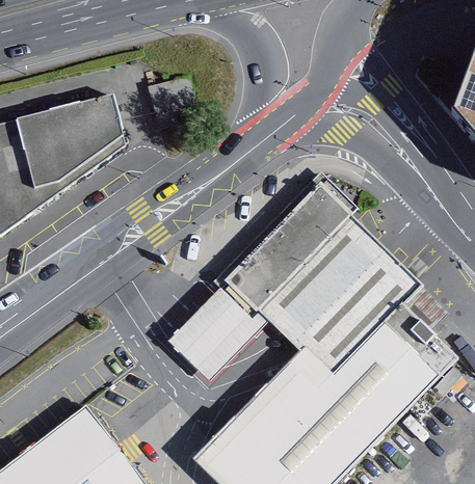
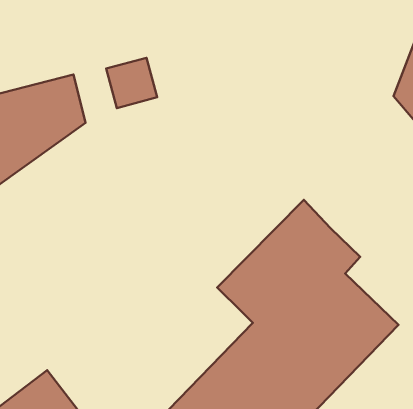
building: [168,186,357,374] -> none

